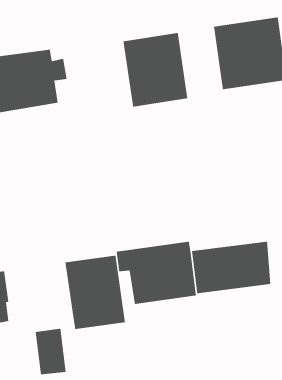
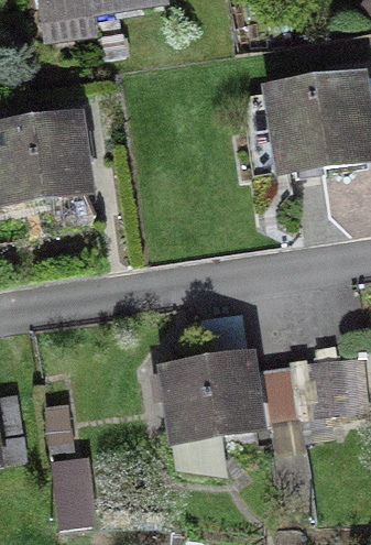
building: [123,32,188,108] -> none
building: [65,255,126,330] -> none

